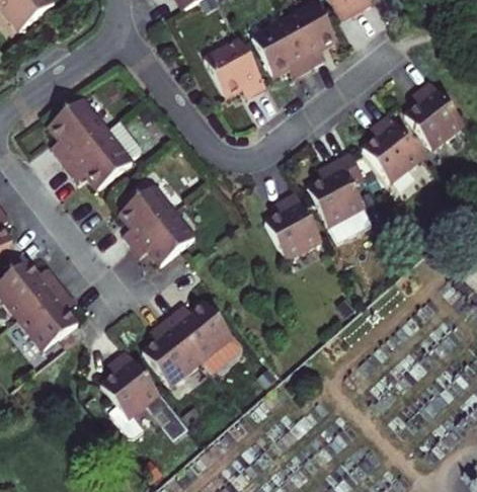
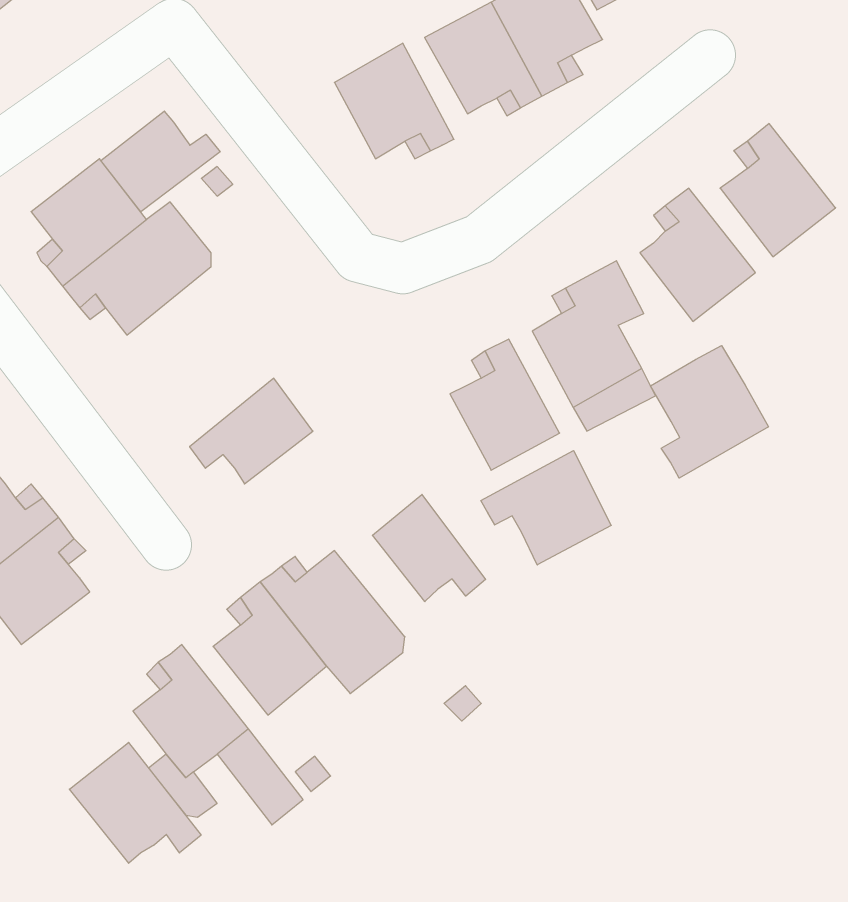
building: none -> [101,111,220,212]
building: [117,186,173,247] -> none
building: none -> [651,346,768,478]
building: none -> [481,451,611,565]
building: none -> [372,494,486,602]
building: none -> [69,742,201,863]

